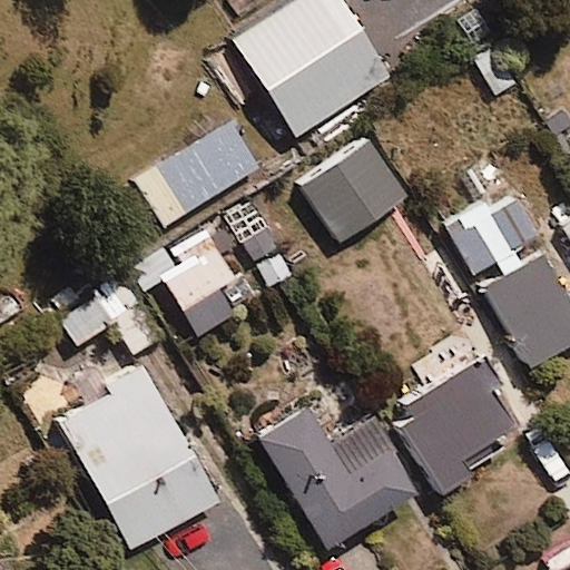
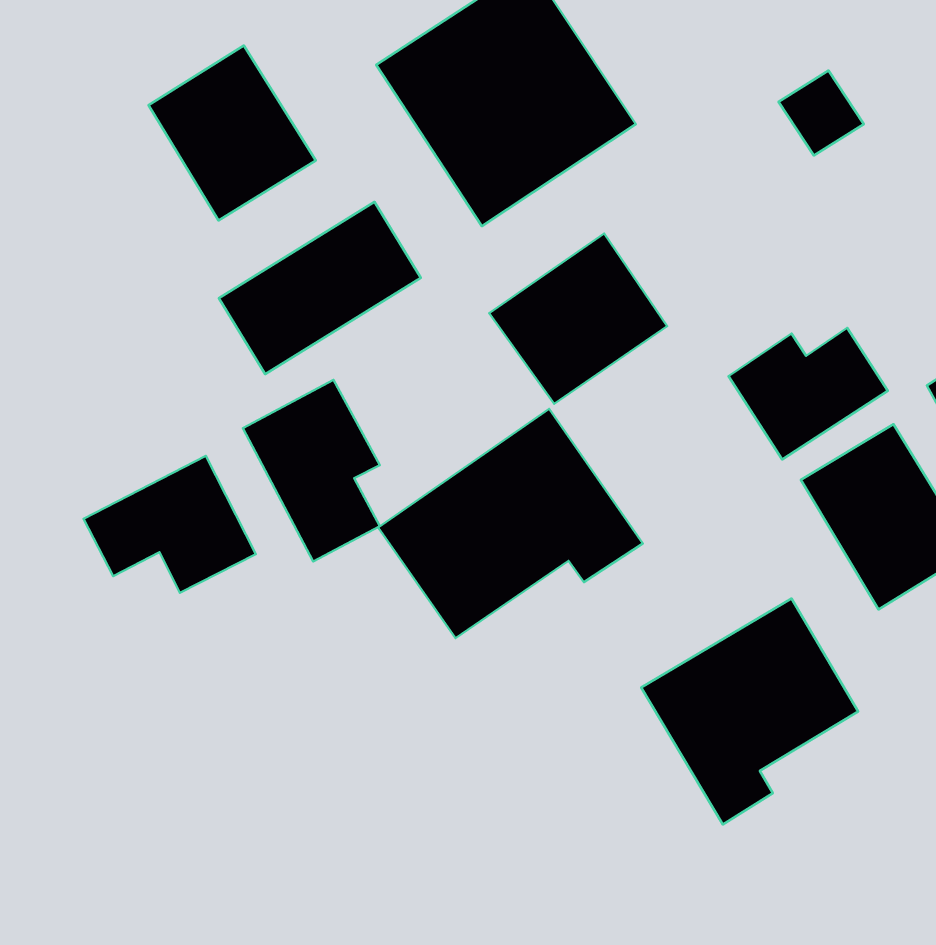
building: none -> [149,46,316,221]
building: none -> [378,409,643,638]
building: [55,360,218,552] -> none
building: [258,410,416,548] -> none

